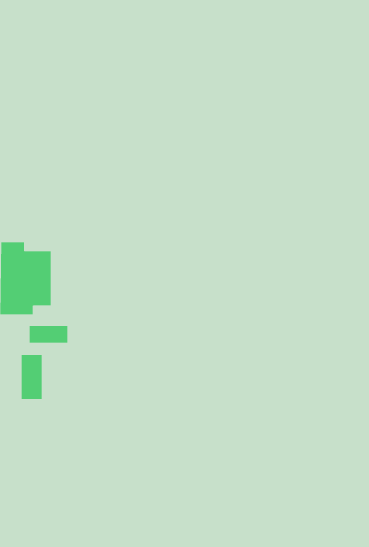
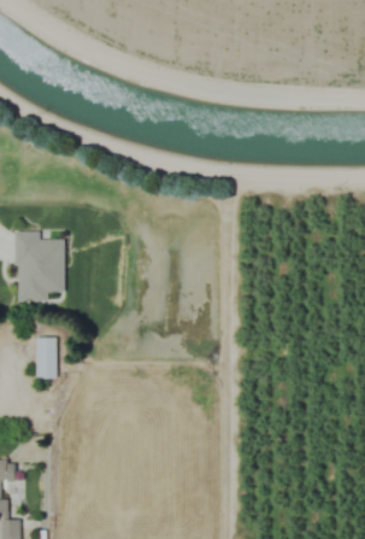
building: [29,325,68,344] -> none

